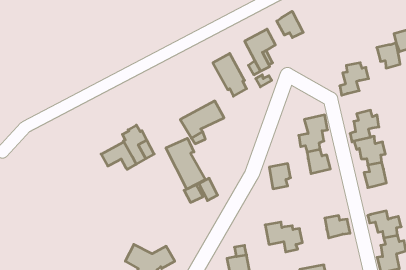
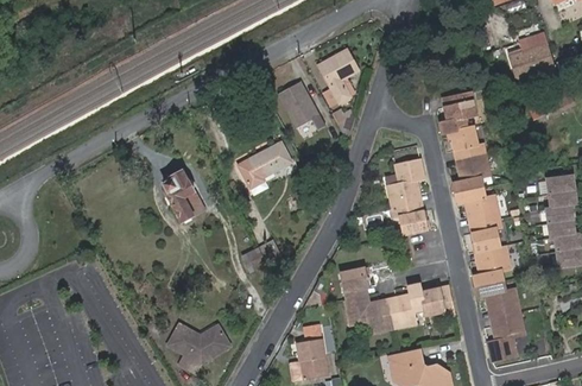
building: [277,11,303,38] -> none
building: [377,43,400,68] -> [449,125,479,157]
building: [166,138,206,189] -> none
building: [101,142,136,169] -> none
building: [269,164,291,189] -> [341,266,368,298]
building: none -> [476,245,510,285]
building: none -> [388,283,423,325]

